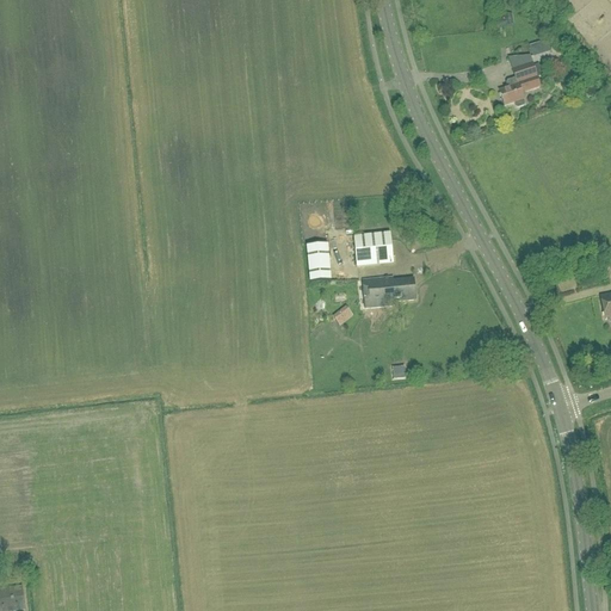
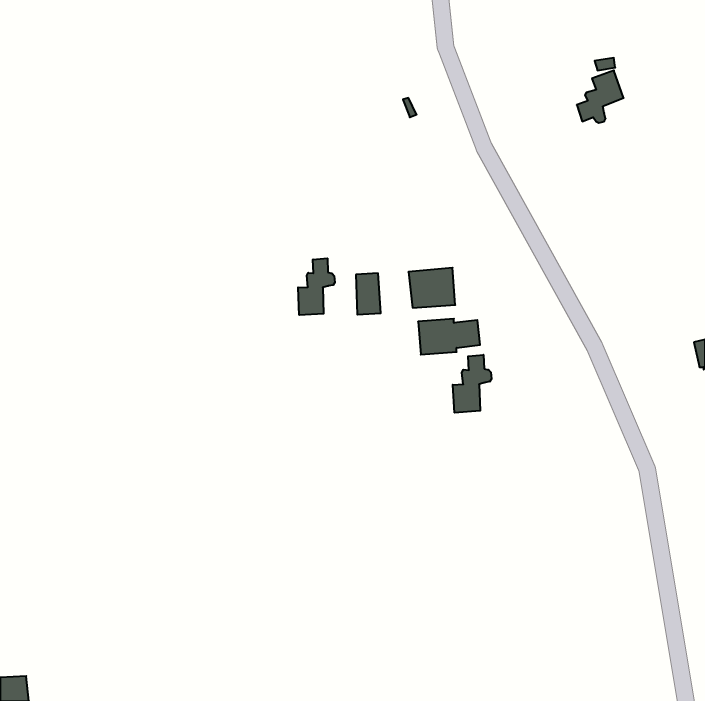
building: none -> [298,258,335,315]
building: none -> [453,355,492,413]

